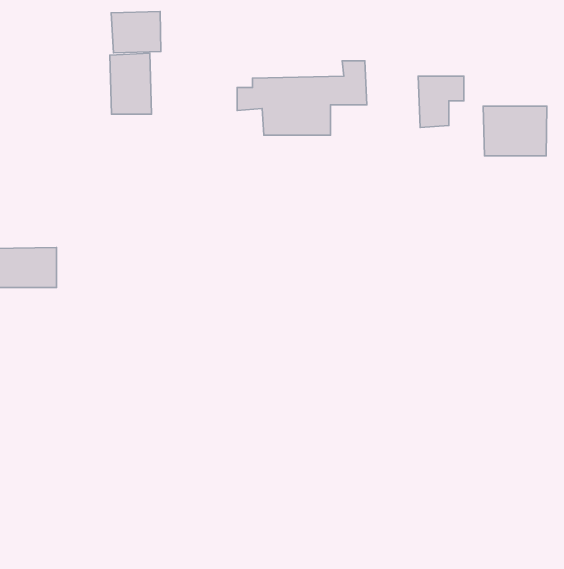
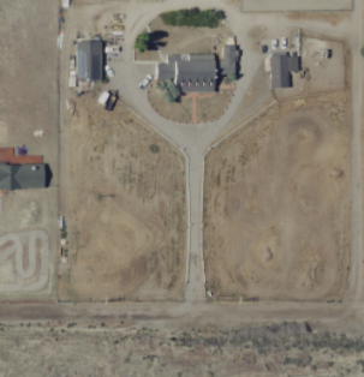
building: [111,11,161,53] -> none
building: [483,106,547,156] -> none

